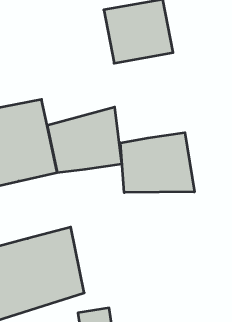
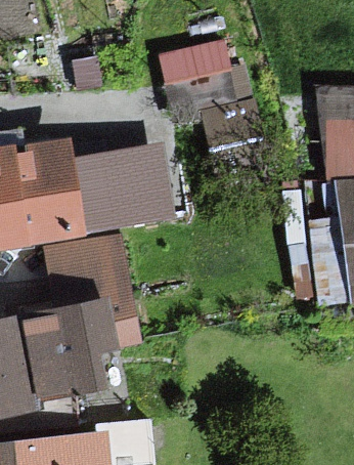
building: [120,133,194,193] -> none
building: none -> [41,231,149,357]

